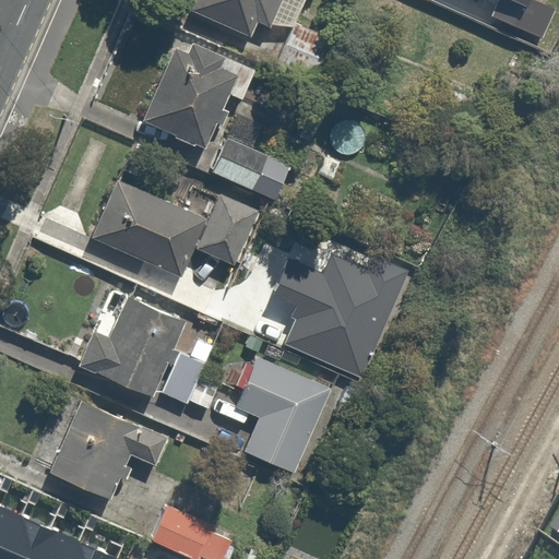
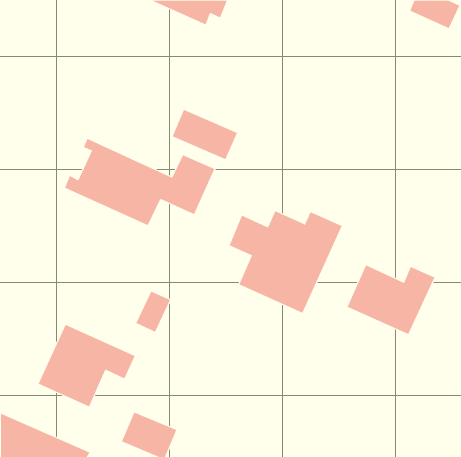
building: [138,47,254,150] -> none
building: [78,294,186,396] -> none
building: none -> [347,264,435,335]
building: [237,361,333,479] -> none

